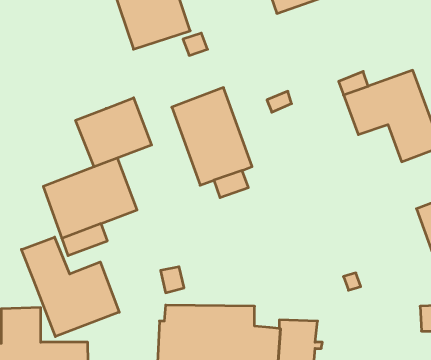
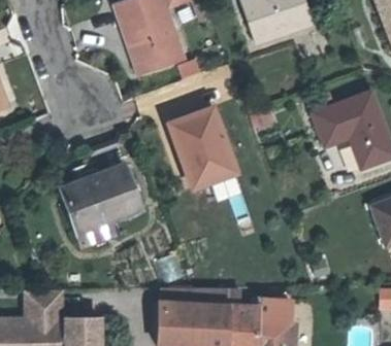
building: [76,98,152,167] -> none
building: [21,237,119,337] -> none

